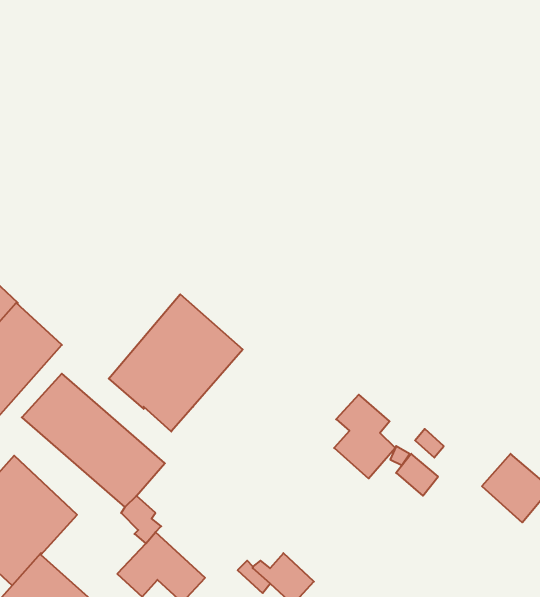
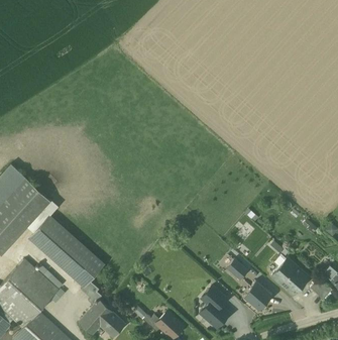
building: [109,294,243,432] -> none
building: [334,395,395,478] -> [199,285,231,329]
building: none -> [244,280,273,311]

